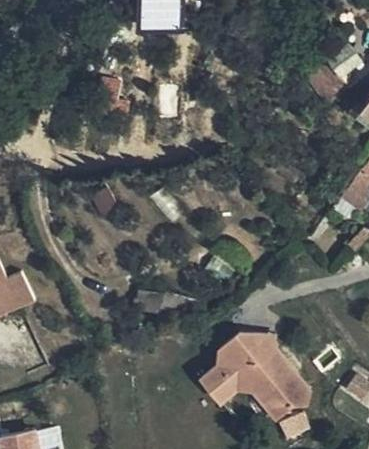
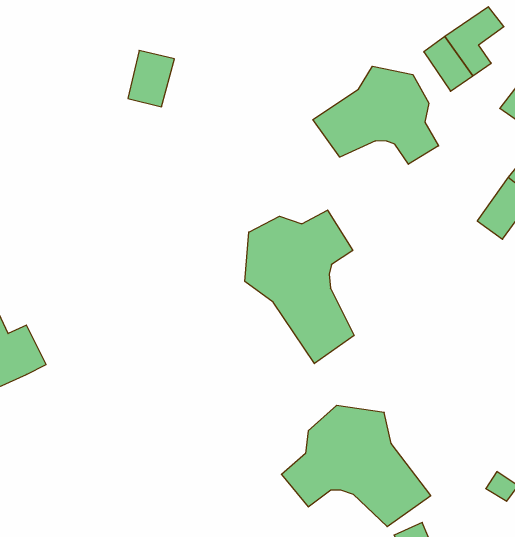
building: none -> [313,66,439,164]
building: none -> [245,210,354,364]

